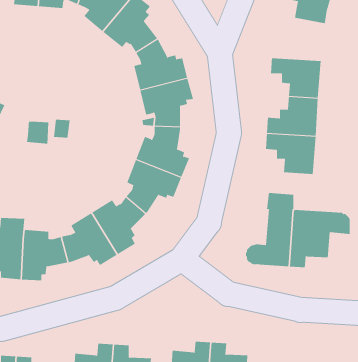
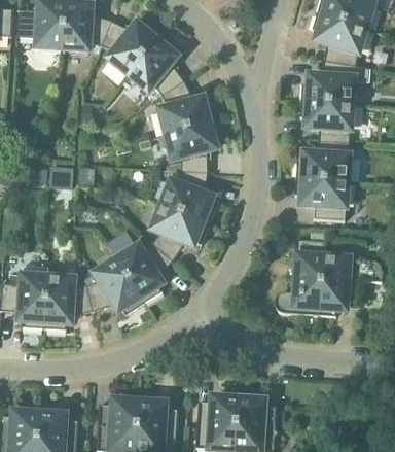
building: none -> [300,60,369,104]

